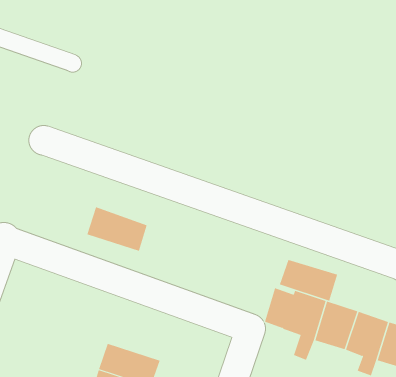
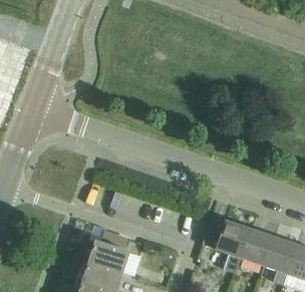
building: [86,207,147,252] -> [84,239,130,273]
building: [279,259,338,302] -> none

